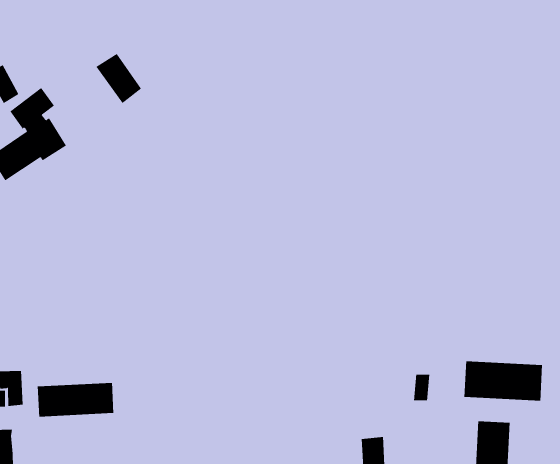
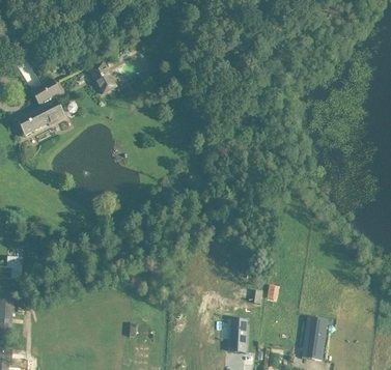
building: [464,361,543,401] -> none
building: [37,382,114,417] -> none

